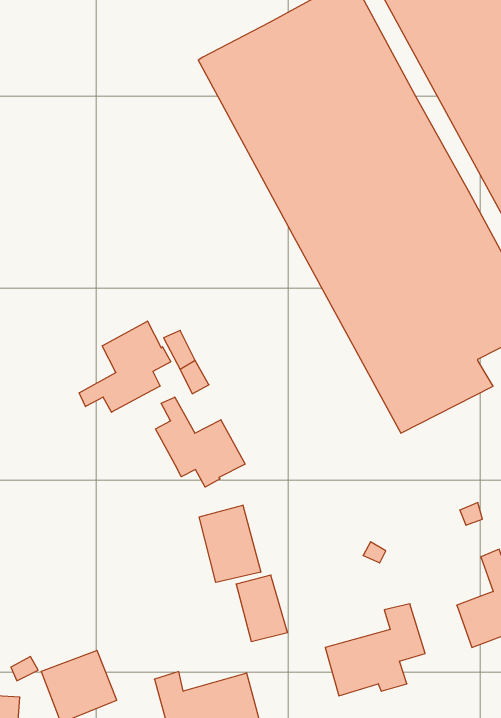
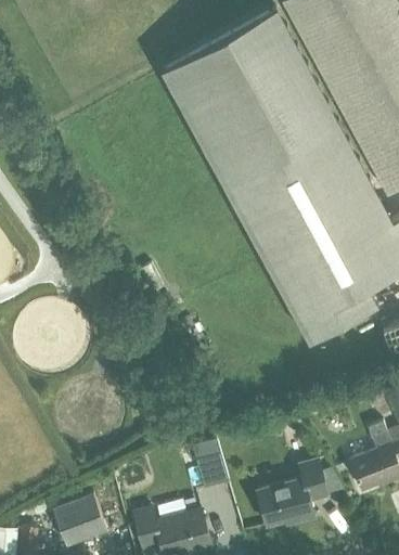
building: [79,321,171,412] -> none
building: [156,397,245,487] -> none
building: [199,505,261,582] -> none

